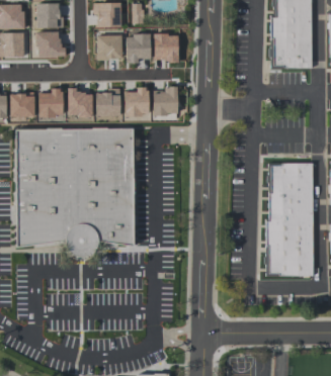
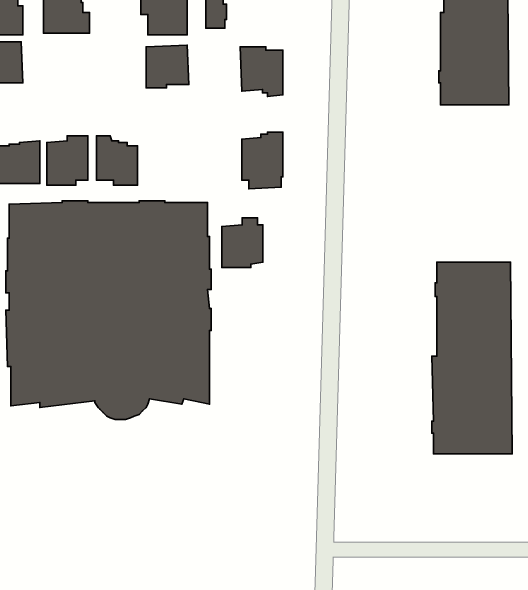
building: [35,31,66,56] -> none
building: [126,35,151,66] -> none
building: [126,86,150,115] -> [222,218,263,267]
building: [95,88,120,115] -> none

